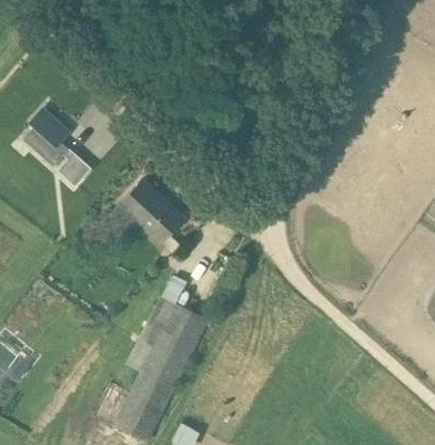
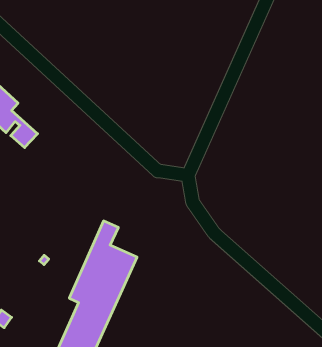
building: [109,180,184,244] -> none

